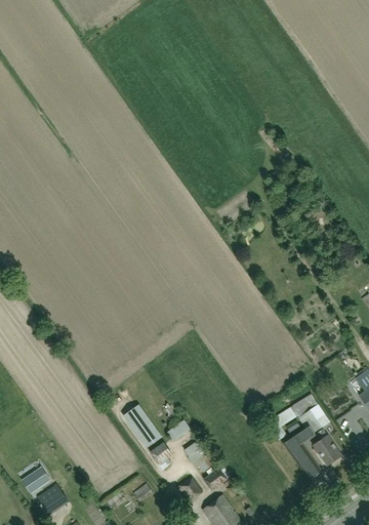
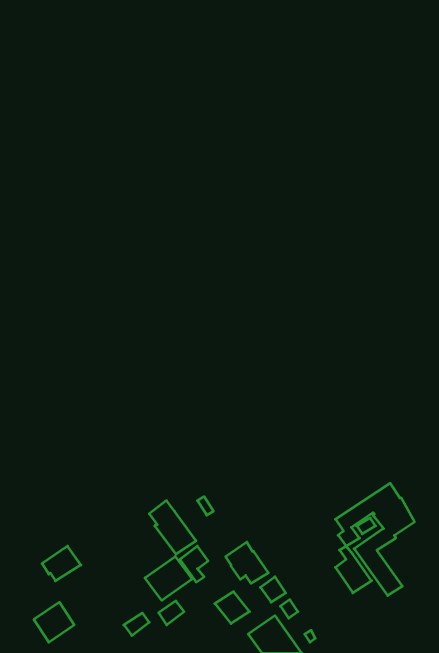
building: [314,430,341,466] -> [335,546,372,593]
building: none -> [145,556,192,600]
building: [23,465,52,491] -> [42,546,81,581]

